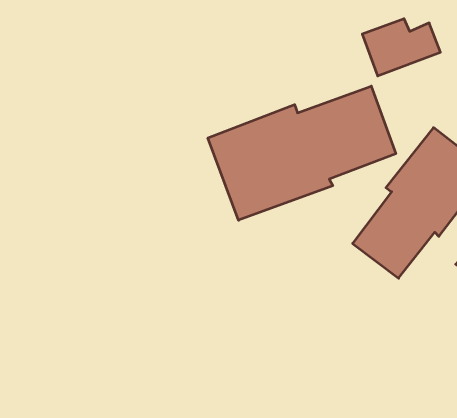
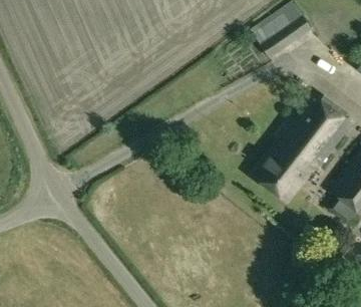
building: [208,86,396,220] -> none

